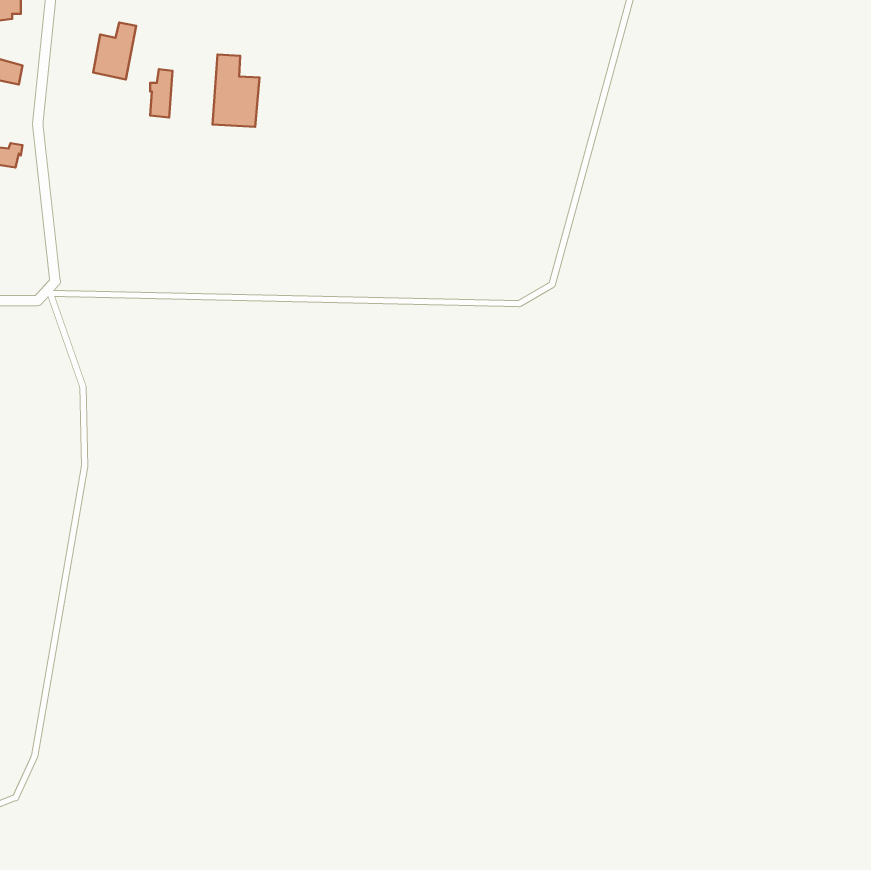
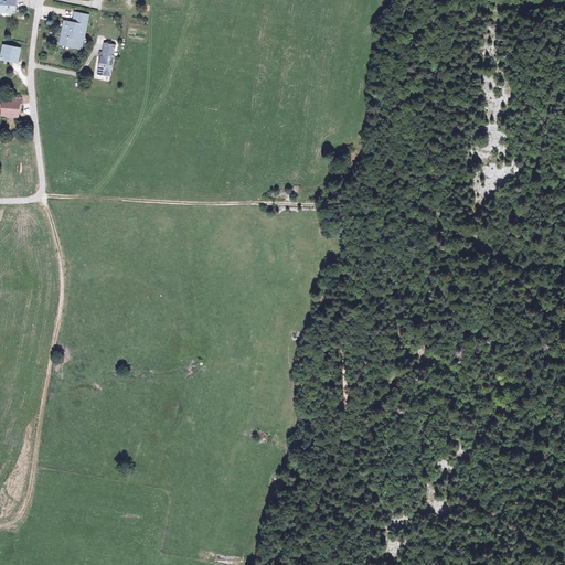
building: [212,54,259,127] -> none

